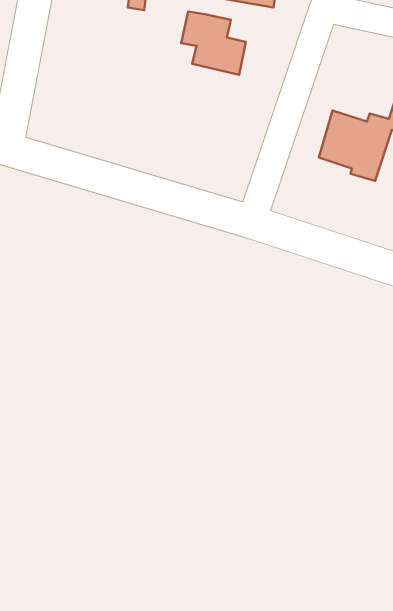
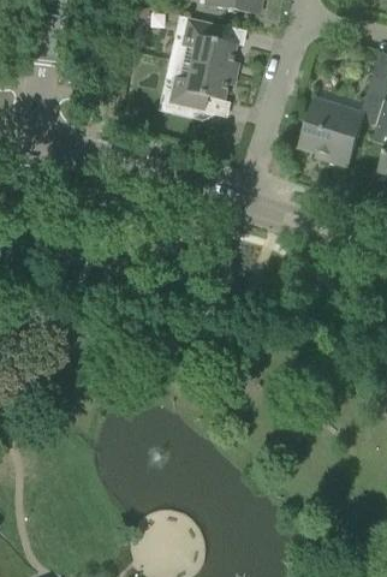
building: none -> [166,63,230,112]

